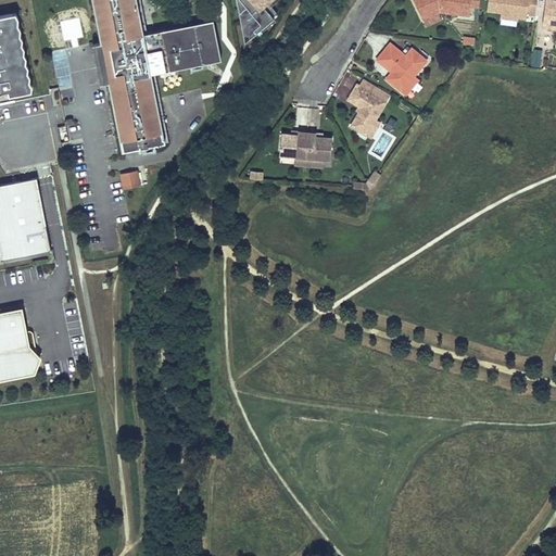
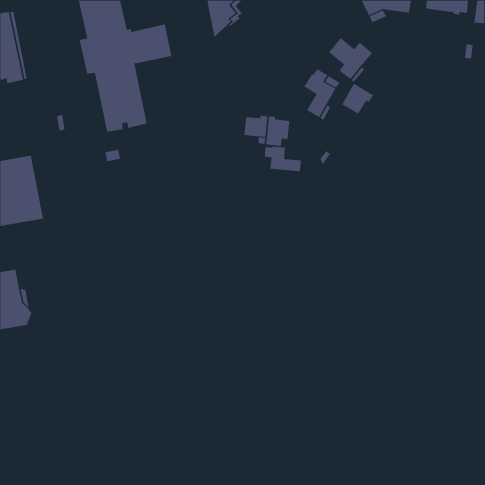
building: [189,21,219,65] -> none
building: none -> [341,83,374,115]
building: none -> [264,146,302,172]

